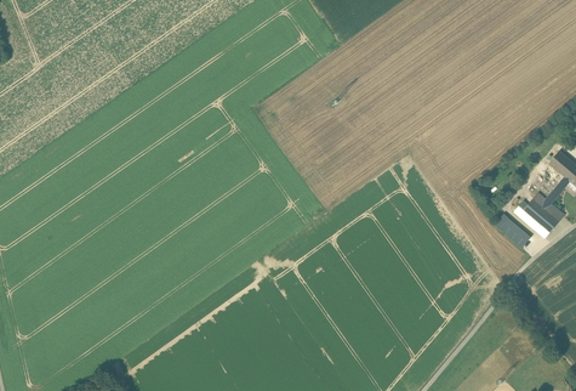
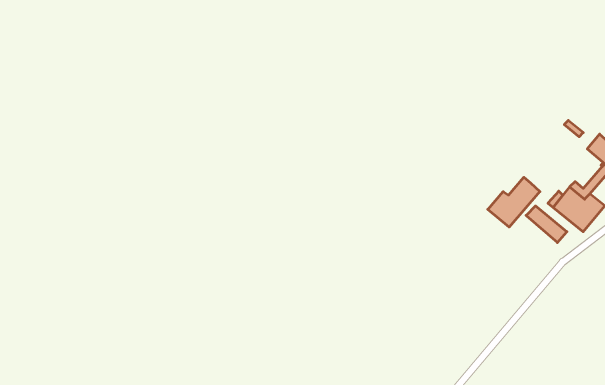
building: none -> [488,177,540,227]

